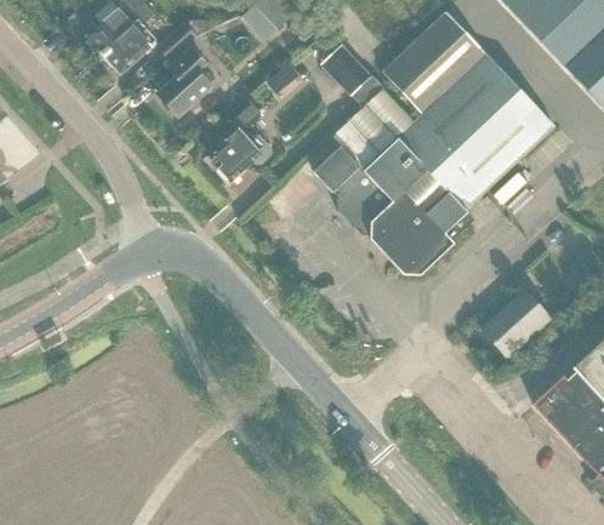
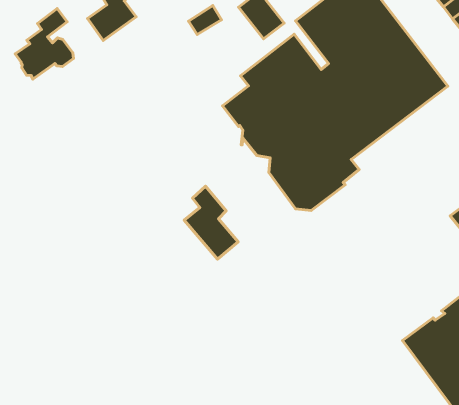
building: [210,102,273,181] -> [15,8,73,79]
building: none -> [184,186,238,259]
building: [482,289,551,356] -> none

